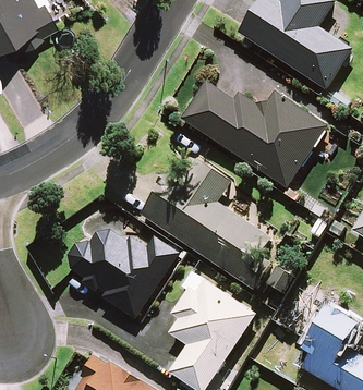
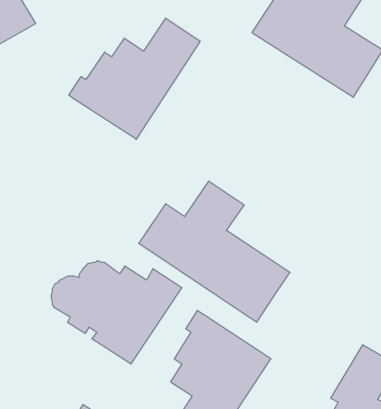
building: none -> [69,18,200,139]
building: [183,83,336,187] -> none

